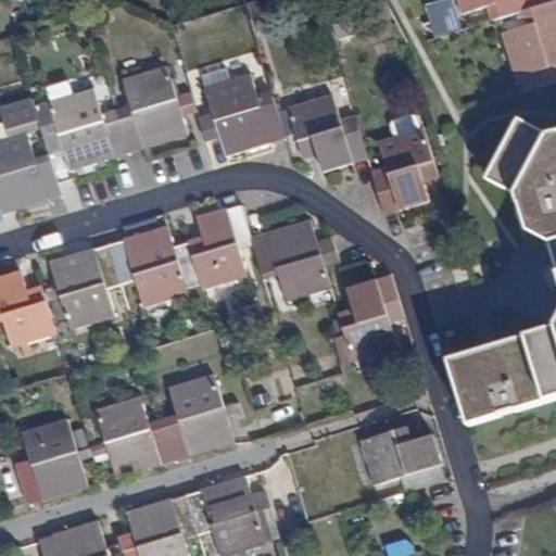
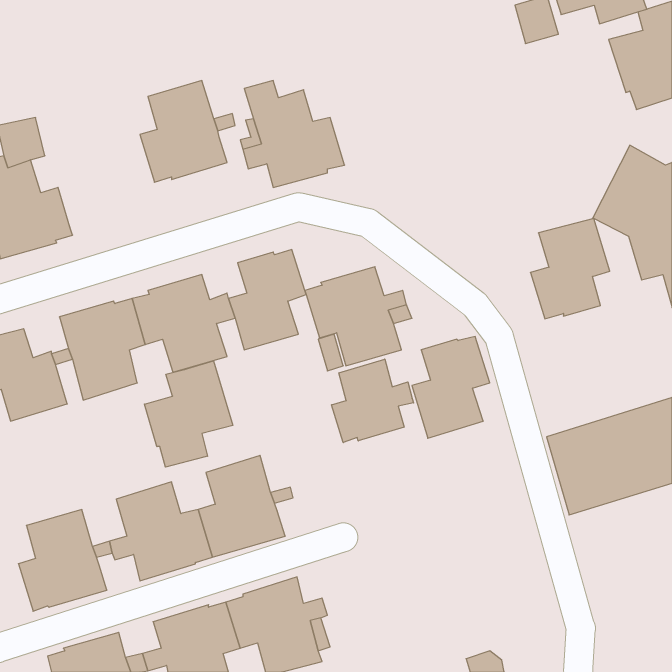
building: [42,89,127,169] -> none
building: [288,94,366,169] -> none
building: [371,128,437,211] -> [530,218,610,319]
building: none -> [332,359,414,443]
building: none -> [144,361,233,467]
building: [359,426,442,489] -> none

